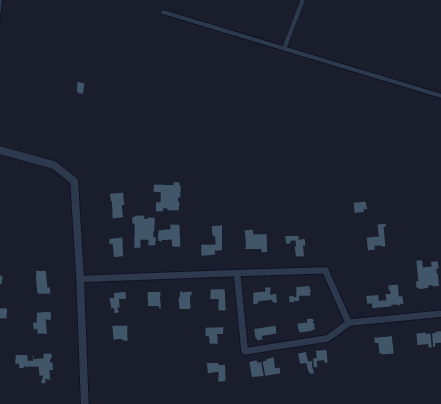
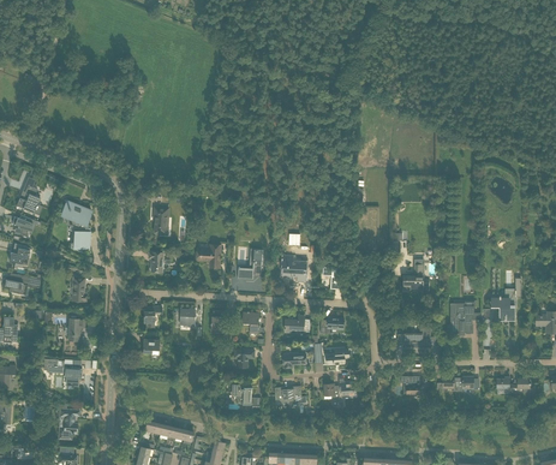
building: [153,182,181,212] -> none
building: none -> [61,201,91,252]
building: [132,215,156,248] -> none

